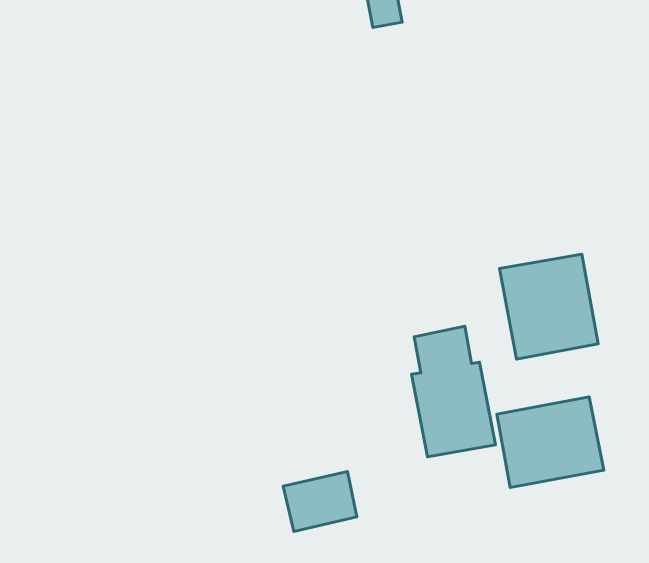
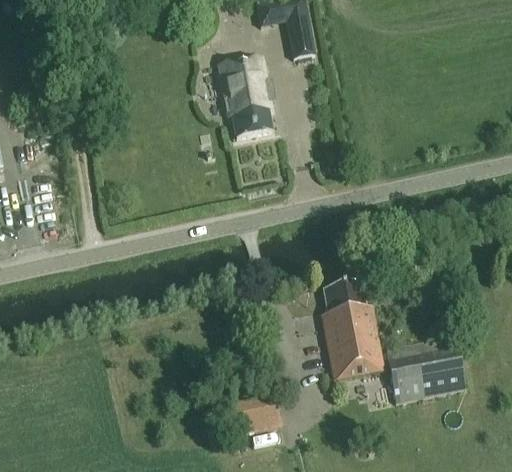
building: none -> [216,54,275,137]
building: [500,254,598,359] -> none

